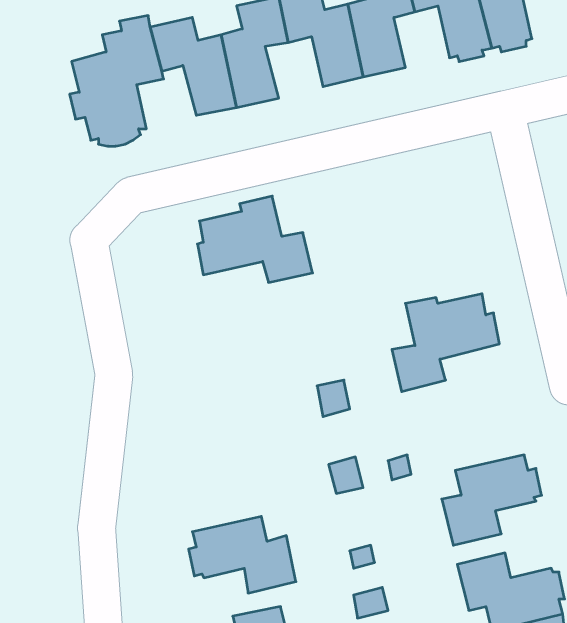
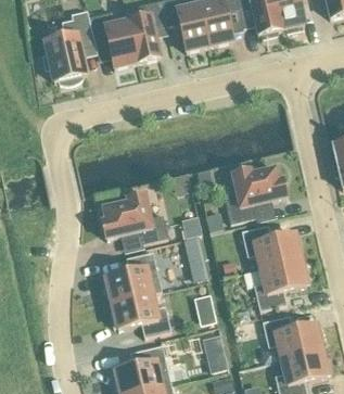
building: [197,196,313,282] -> [102,193,167,242]
building: none -> [241,224,302,267]
building: none -> [102,251,158,302]

